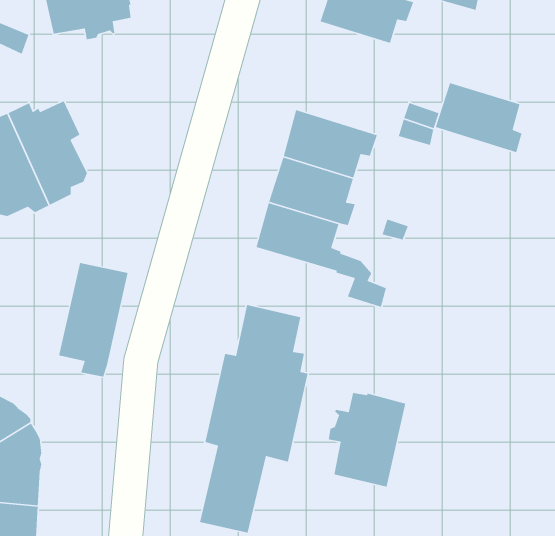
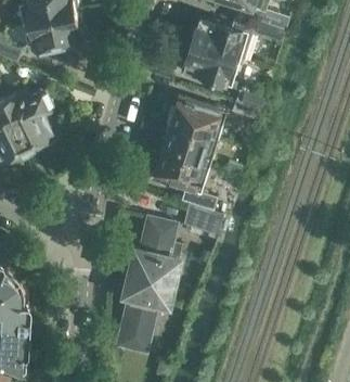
building: [435,82,522,153] -> [183,47,235,89]
building: [58,262,129,377] -> none
building: none -> [189,206,225,235]
building: [328,392,406,488] -> none

